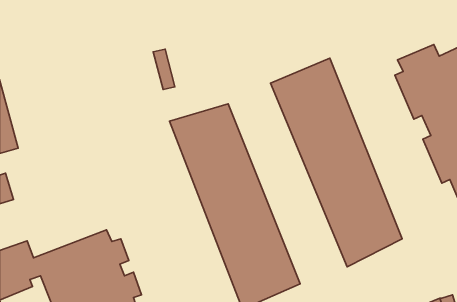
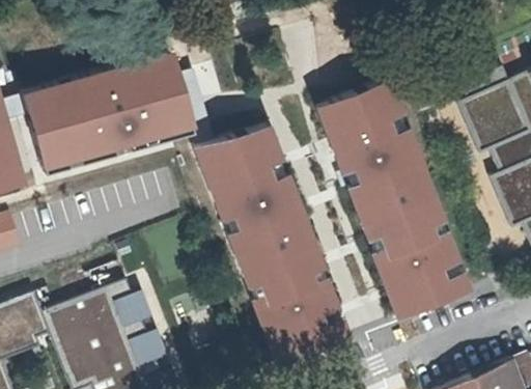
building: none -> [24,56,194,170]

